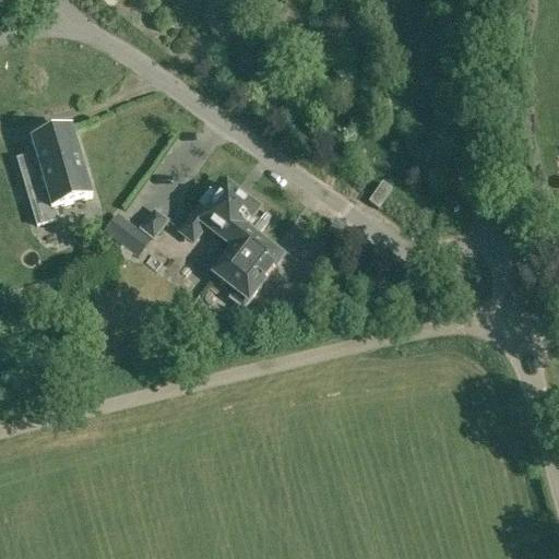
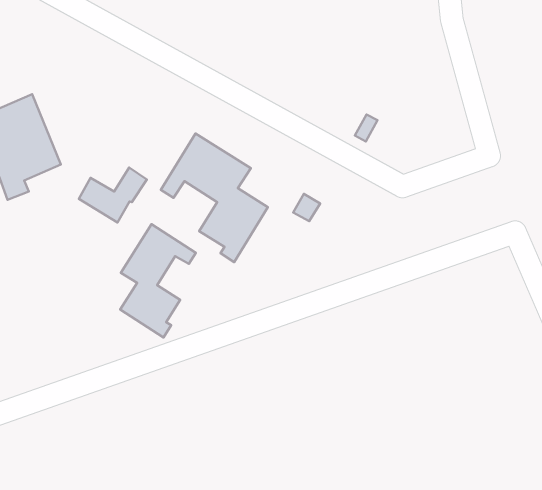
building: none -> [120,224,196,338]

